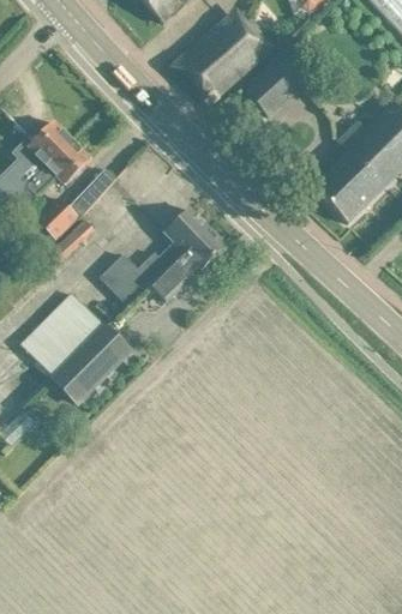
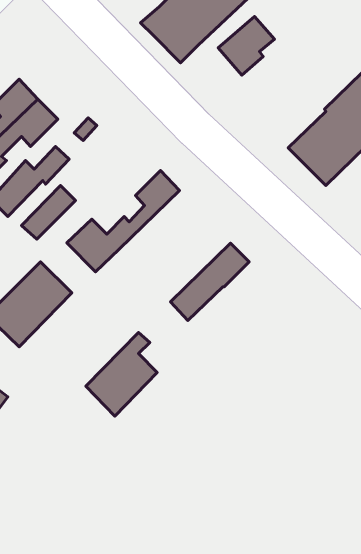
building: [150,225,226,300] -> [170,243,249,321]
building: [54,324,122,404] -> [86,332,157,416]

